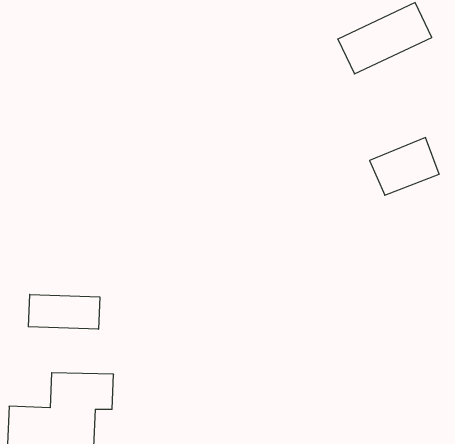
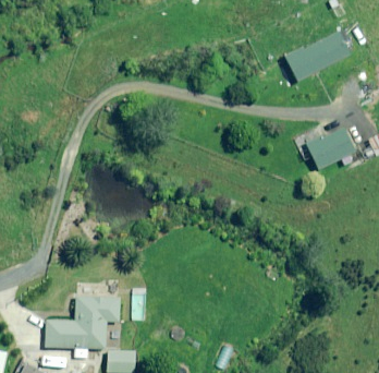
building: [28,294,100,329] -> none

